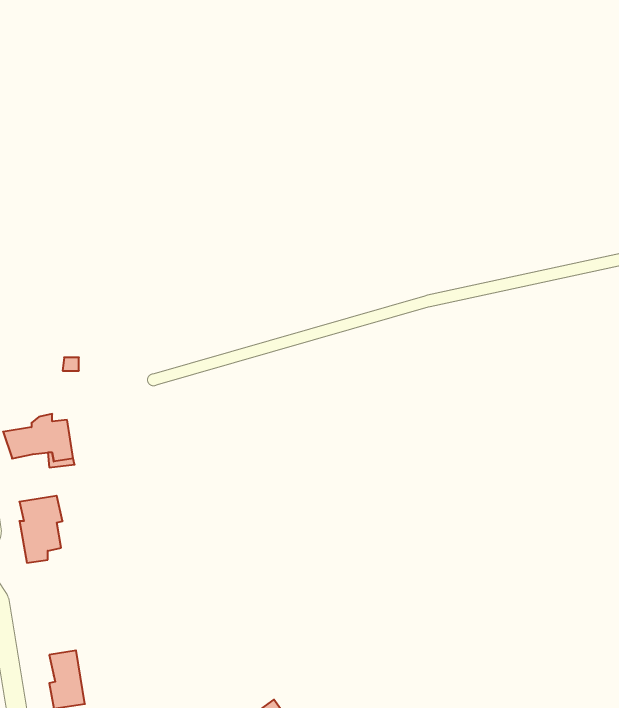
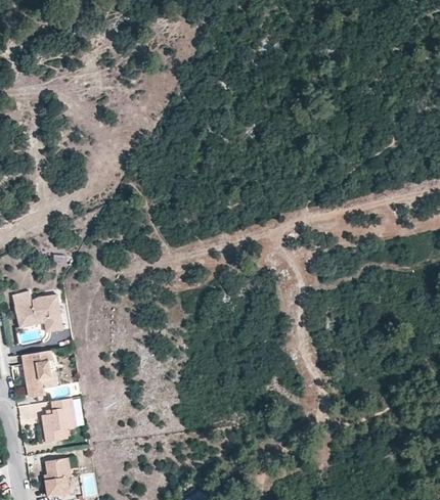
building: none -> [41,398,77,442]

